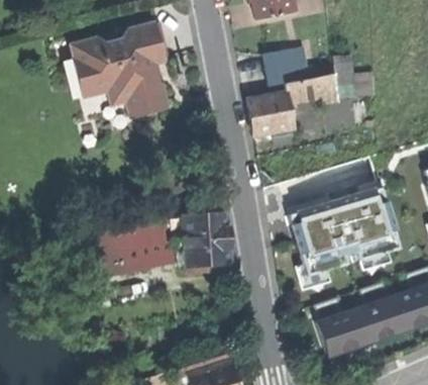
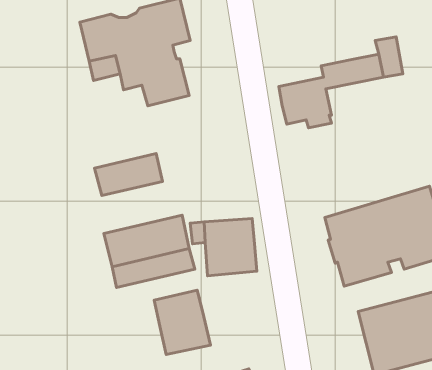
building: [263,45,310,86] -> none
building: none -> [95,154,163,195]
building: none -> [154,290,211,354]

